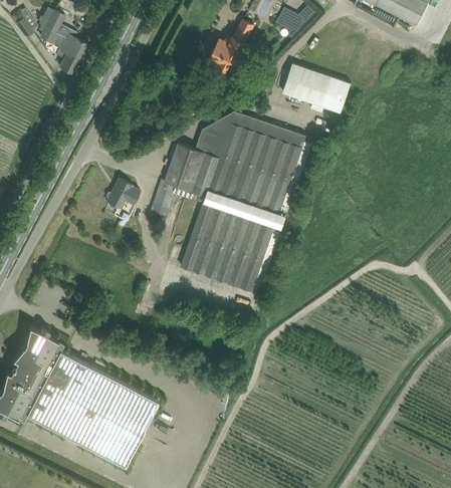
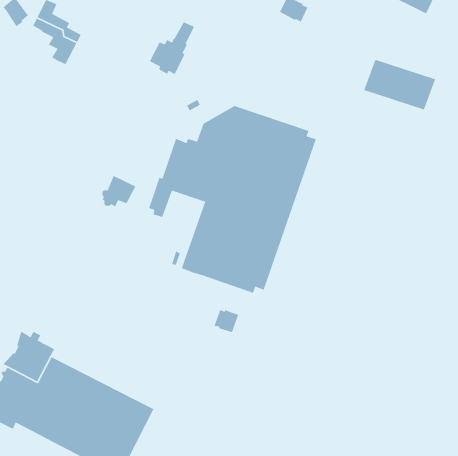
building: [208,20,252,71] -> [149,21,195,75]
building: [280,63,350,112] -> [363,59,436,111]
building: none -> [213,309,239,333]

